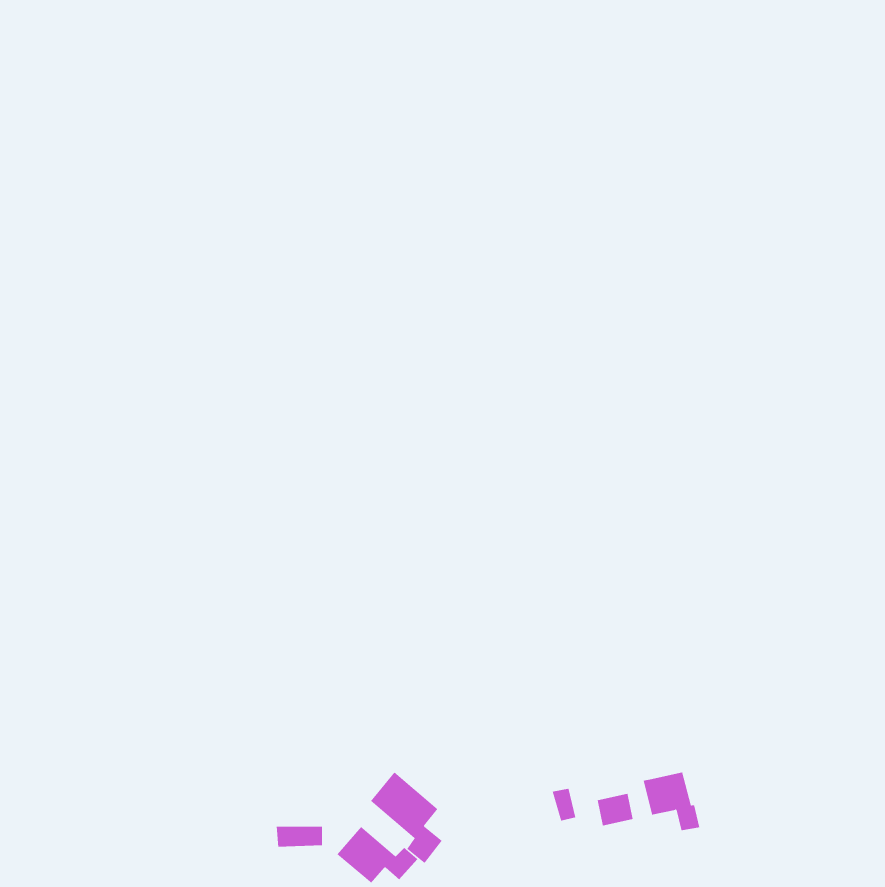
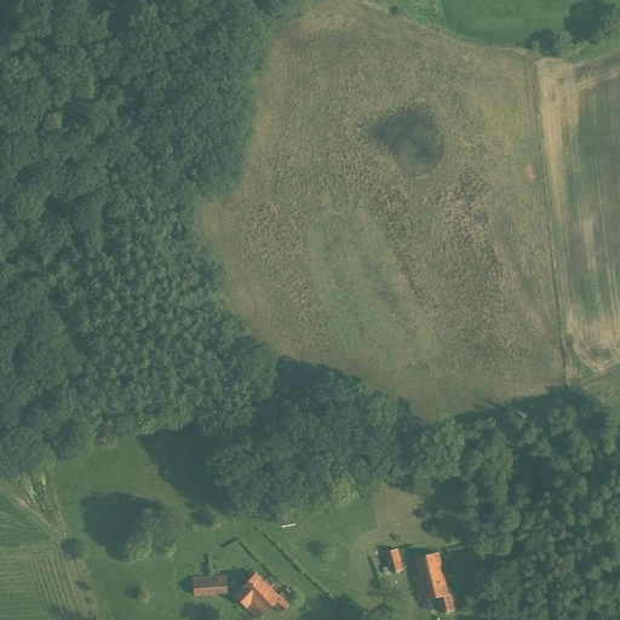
building: [370,771,443,864] -> none
building: [643,772,700,831] -> [415,572,455,613]

